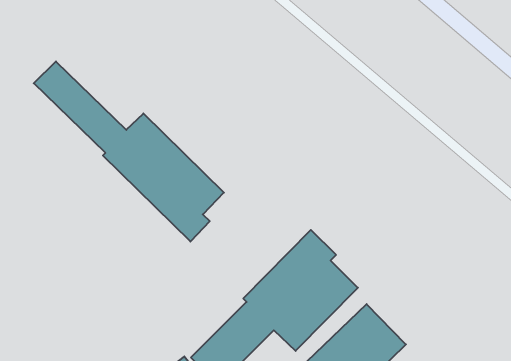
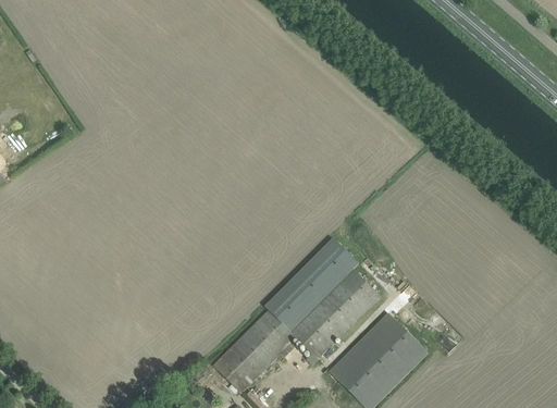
building: [34,61,224,242] -> none

